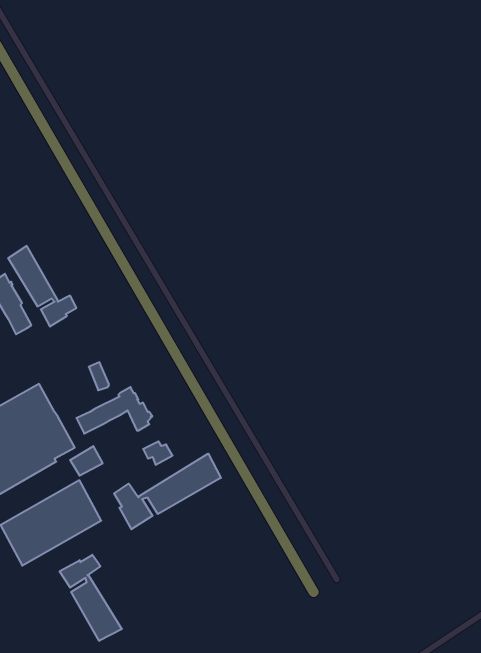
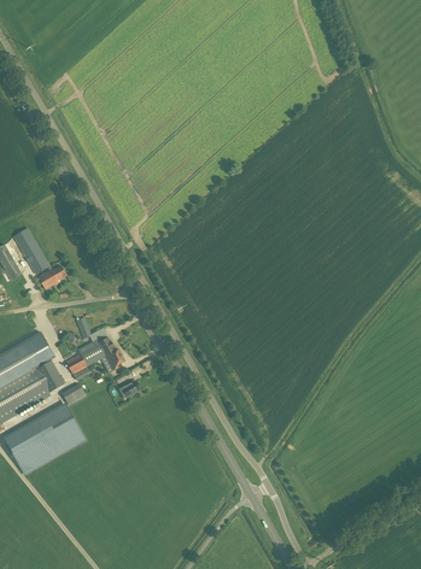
building: [114,454,221,529] -> none
building: [60,555,122,641] -> none

